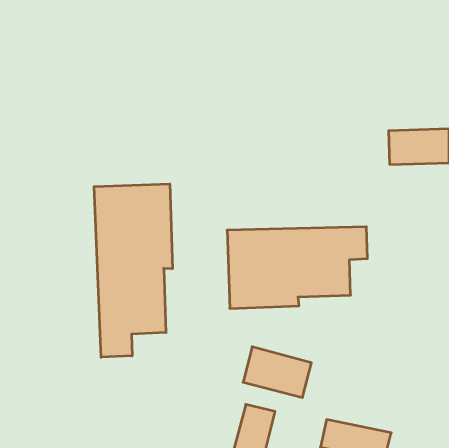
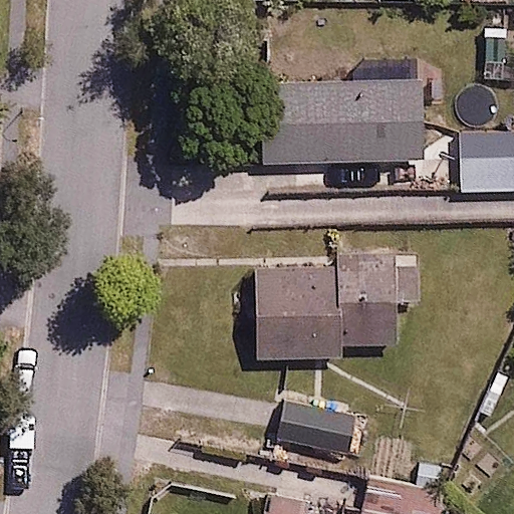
building: none -> [278,80,424,162]
building: [94,184,172,357] -> none

